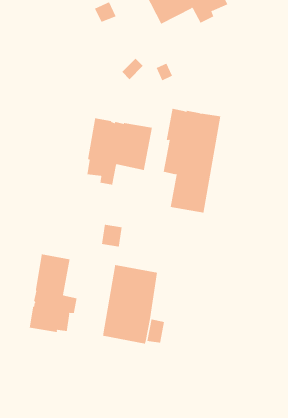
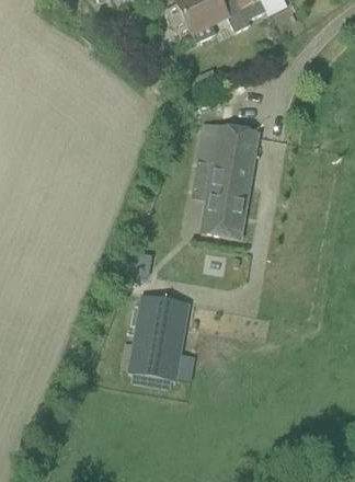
building: [87,118,152,185] -> none
building: [29,253,77,333] -> none

